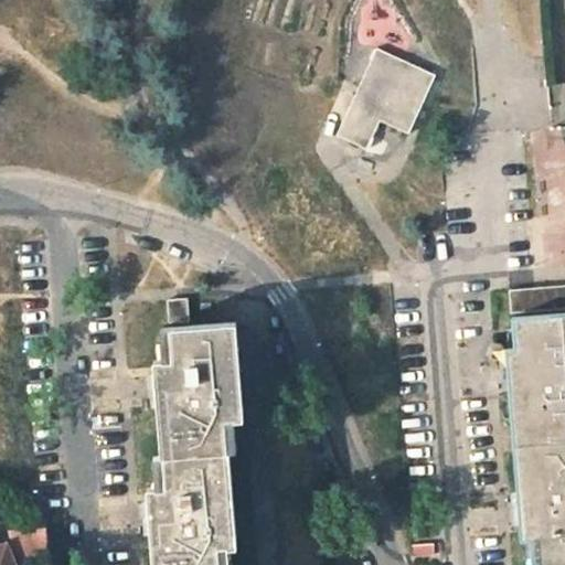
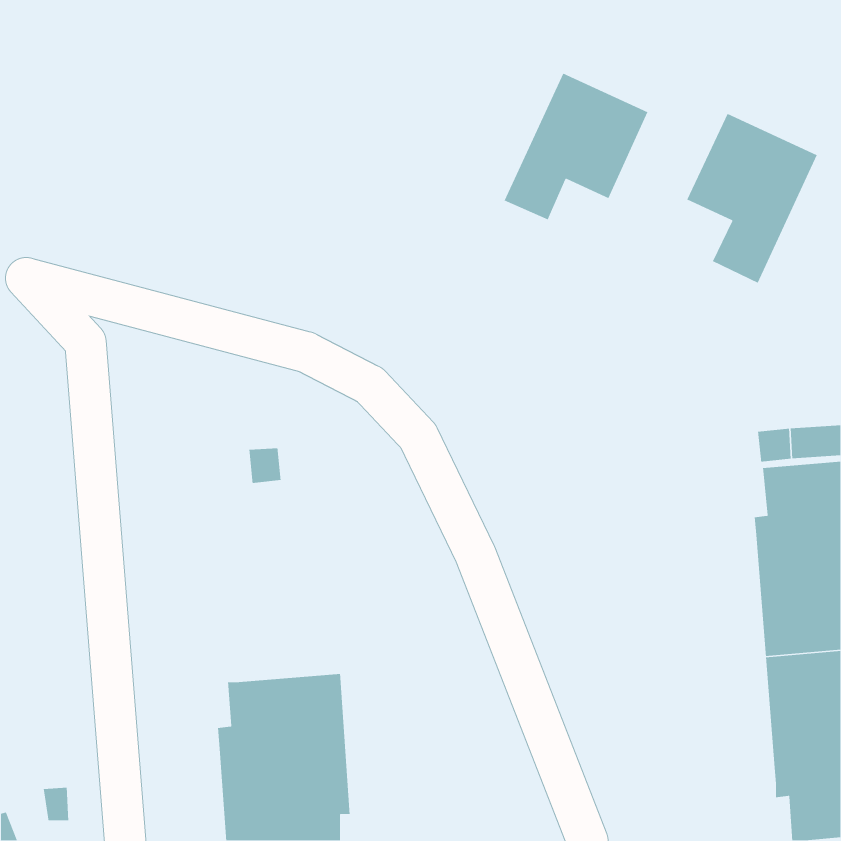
building: none -> [686,113,818,284]
building: [152,322,243,457] -> none

